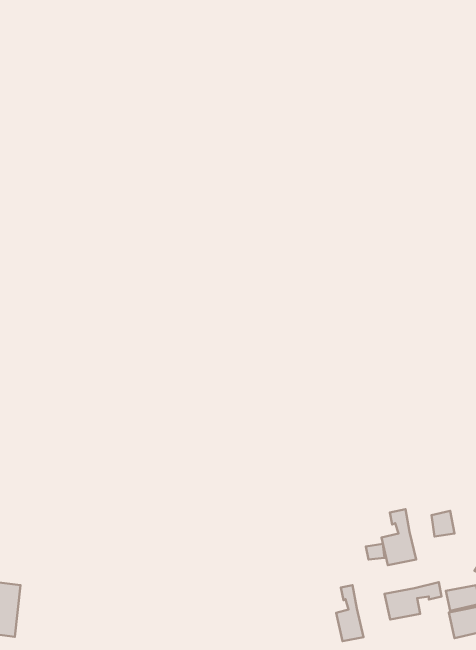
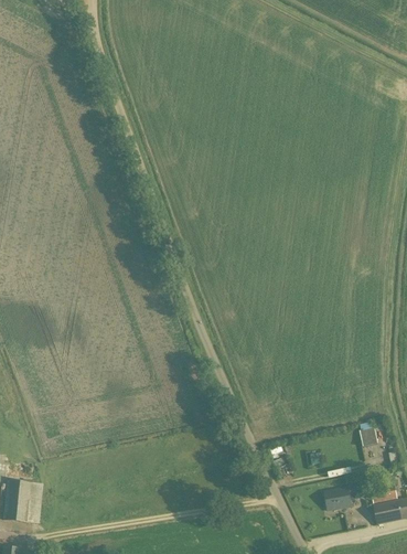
building: [381,509,416,565] -> none
building: [336,585,363,641] -> none

